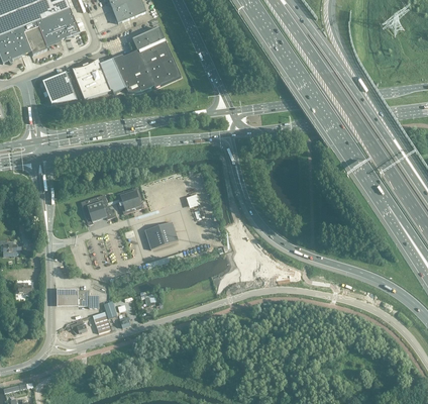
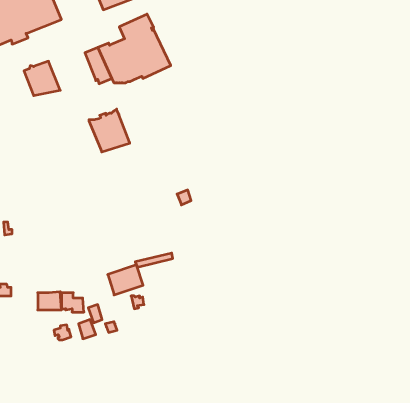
building: [73,58,111,98] -> [89,109,130,152]
building: [117,186,145,213] -> none
building: [81,193,115,224] -> none
building: [145,220,179,248] -> [108,265,143,295]

